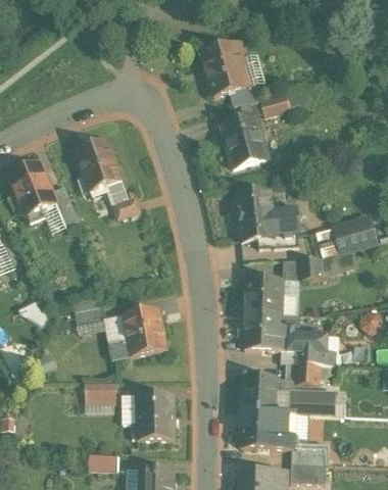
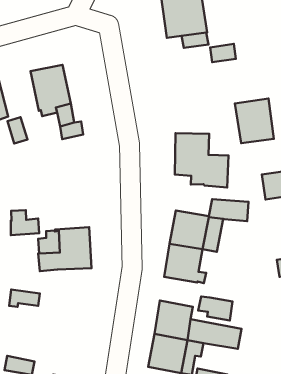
building: [222,114,268,165] -> [235,98,274,143]
building: [295,341,321,363] -> none
building: [133,392,175,438] -> none

